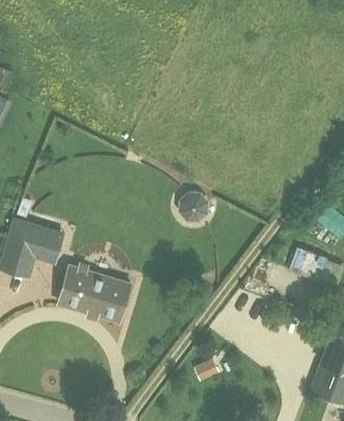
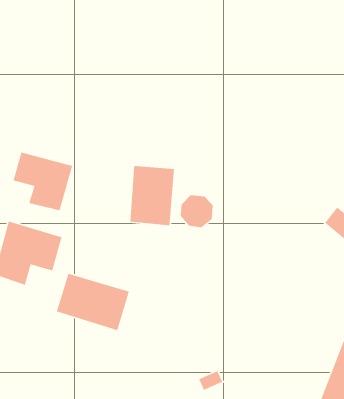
building: none -> [13,152,73,211]
building: none -> [129,165,175,226]

